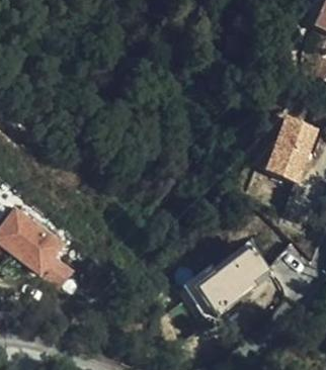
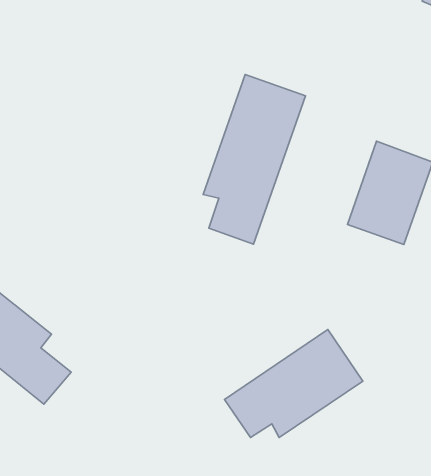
building: none -> [203,75,305,244]

